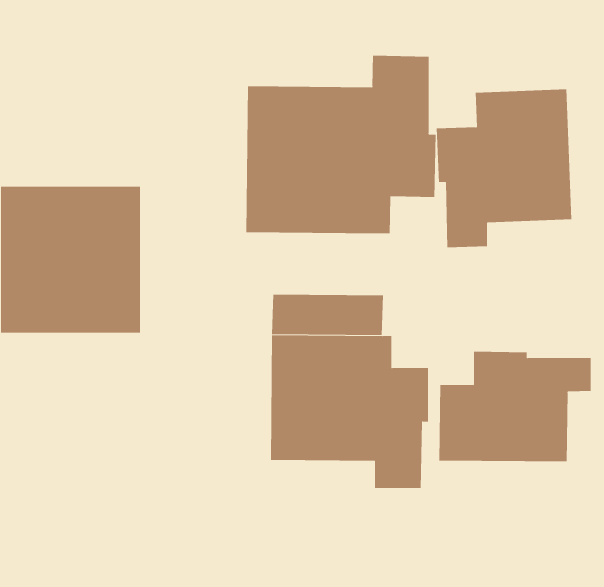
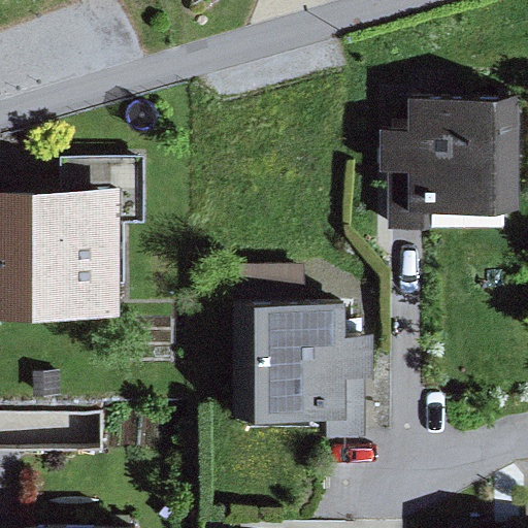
building: [246,55,436,234] -> none
building: [439,351,591,462] -> none

